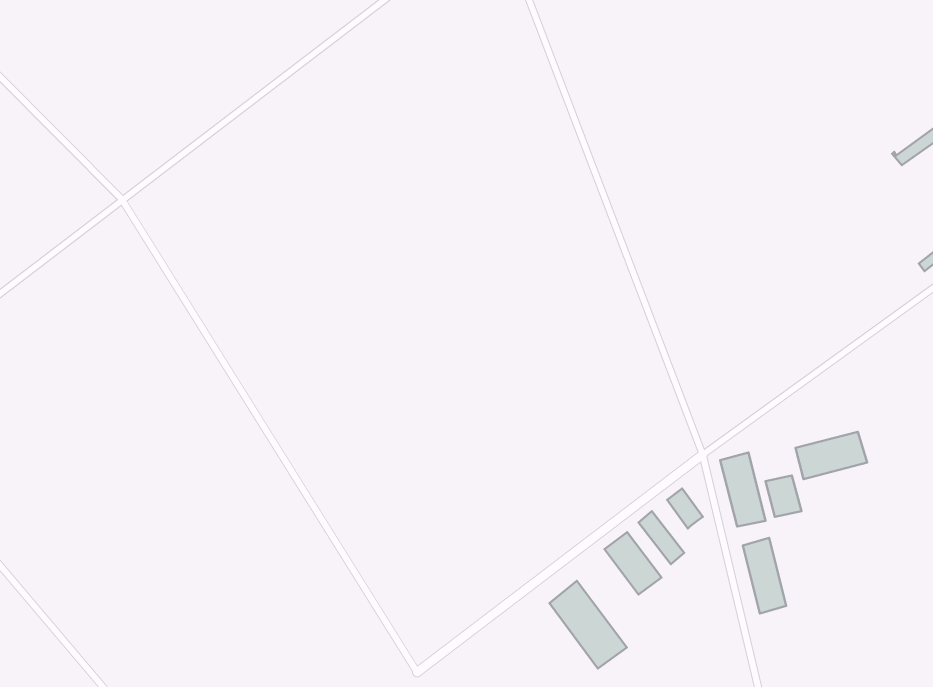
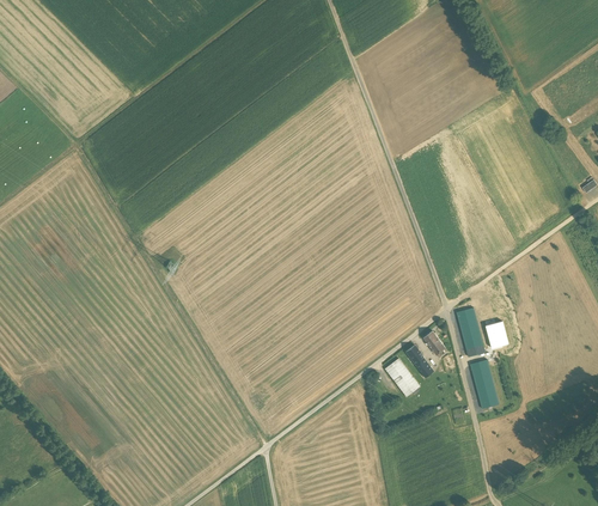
building: [796,432,867,479] -> none
building: [550,581,627,669] -> none

